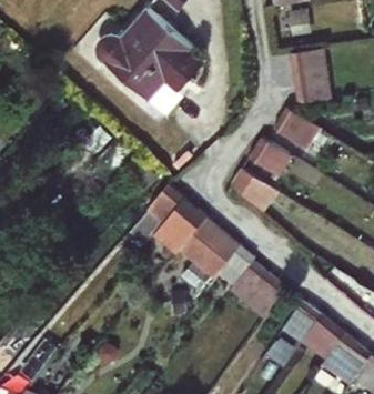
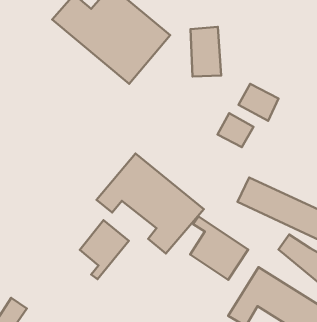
building: [300,50,332,102] -> [190,27,221,77]
building: [230,169,279,211] -> none
building: none -> [80,220,129,279]

